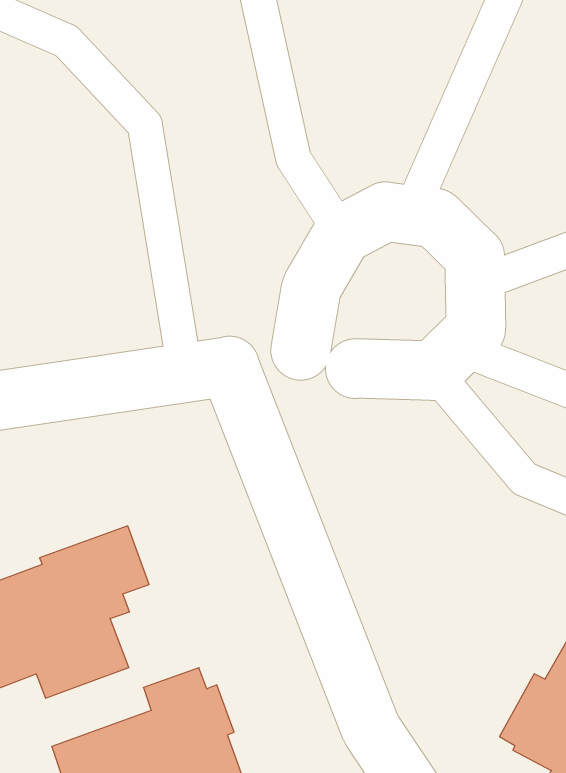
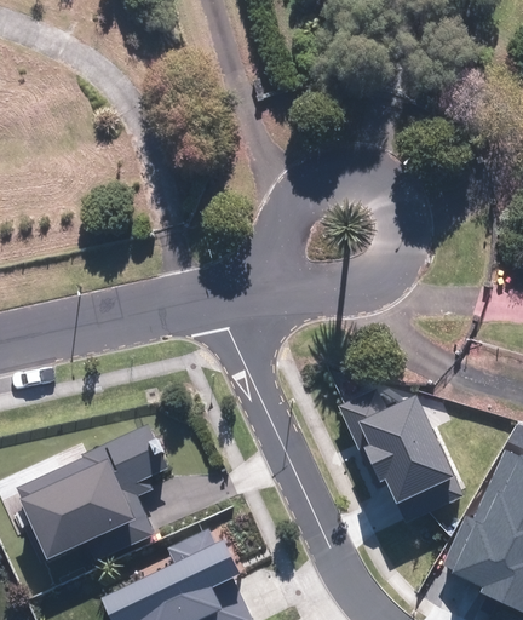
building: none -> [338,388,464,522]

